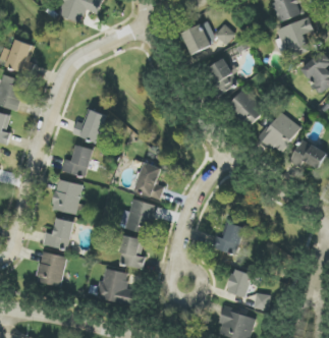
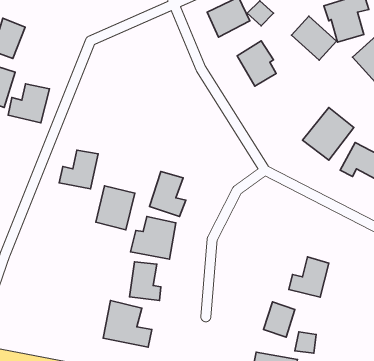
building: [228,90,265,125] -> [291,16,337,60]
building: [72,110,106,142] -> [8,84,49,123]
building: [51,179,83,215] -> [96,186,135,230]
building: [43,218,73,249] -> none
building: [212,222,244,255] -> [289,257,329,297]
building: [36,251,66,287] -> none

